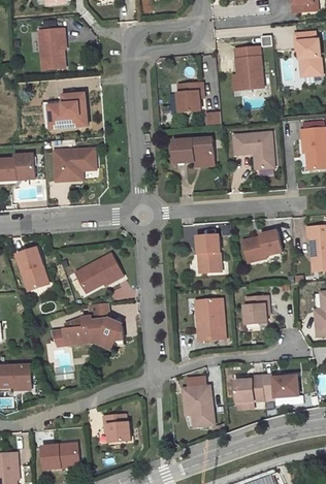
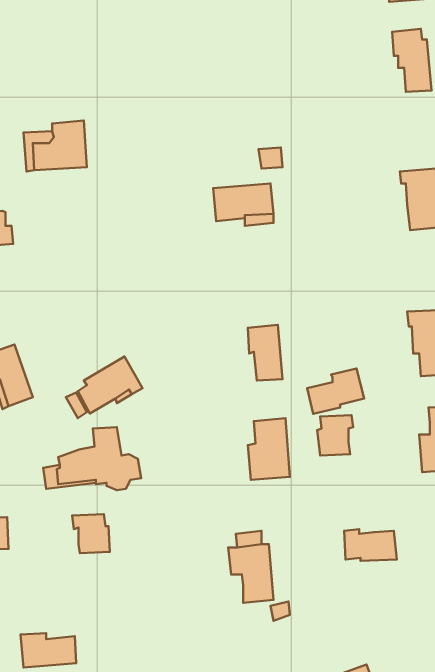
building: [39,28,65,69] -> none
building: [234,45,262,89] -> none
building: [176,80,202,111] -> none
building: [233,131,273,167] -> none
building: [54,147,96,181] -> none
building: [242,229,282,260] -> [307,369,364,414]
building: [234,375,264,401] -> none
building: [104,415,130,442] -> [72,514,110,553]

